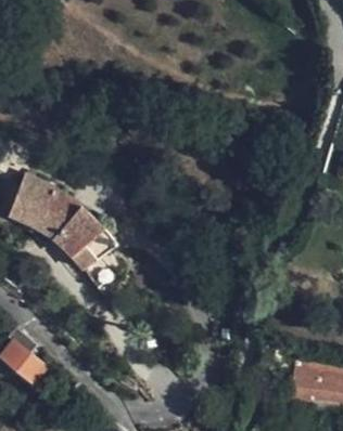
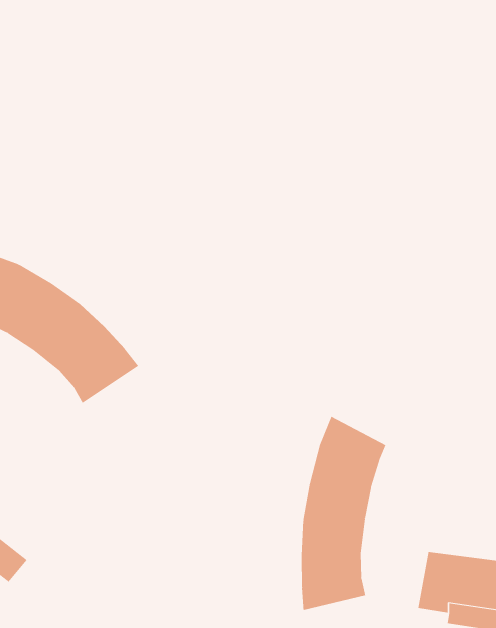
building: none -> [301,416,386,611]

